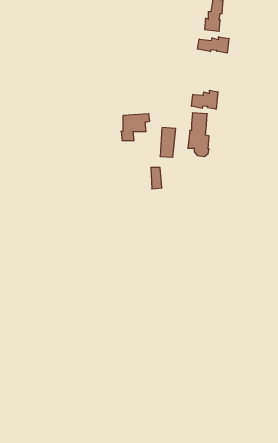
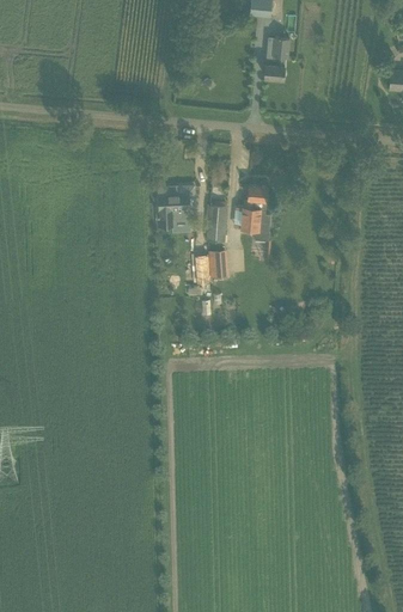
building: [198,37,229,53] -> none
building: [191,90,218,109] -> none

